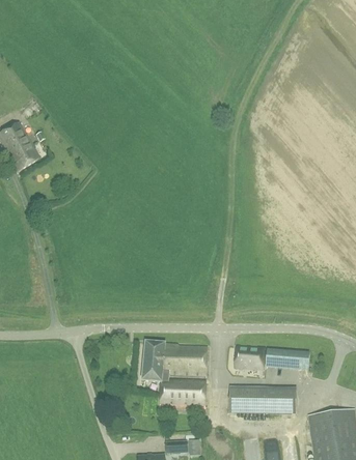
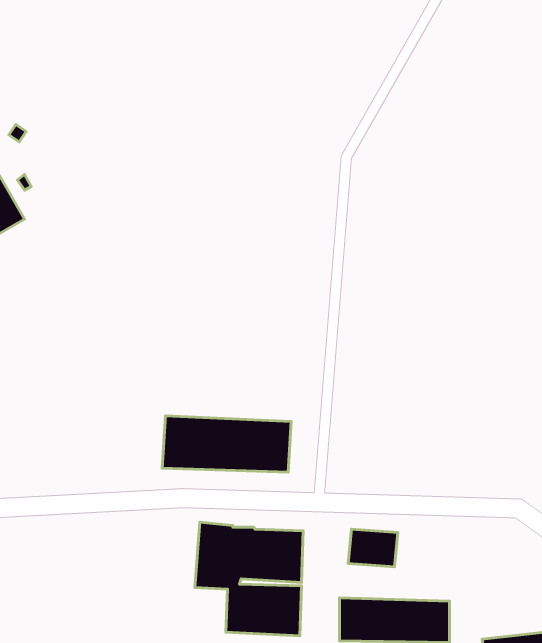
building: none -> [162,416,291,472]
building: [262,350,305,370] -> none

